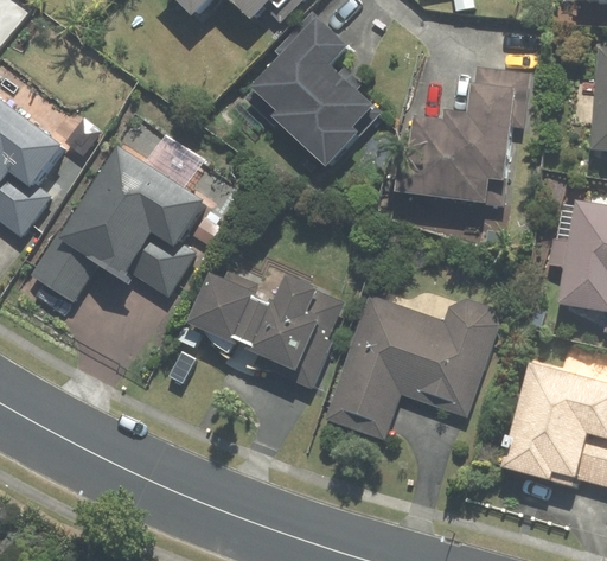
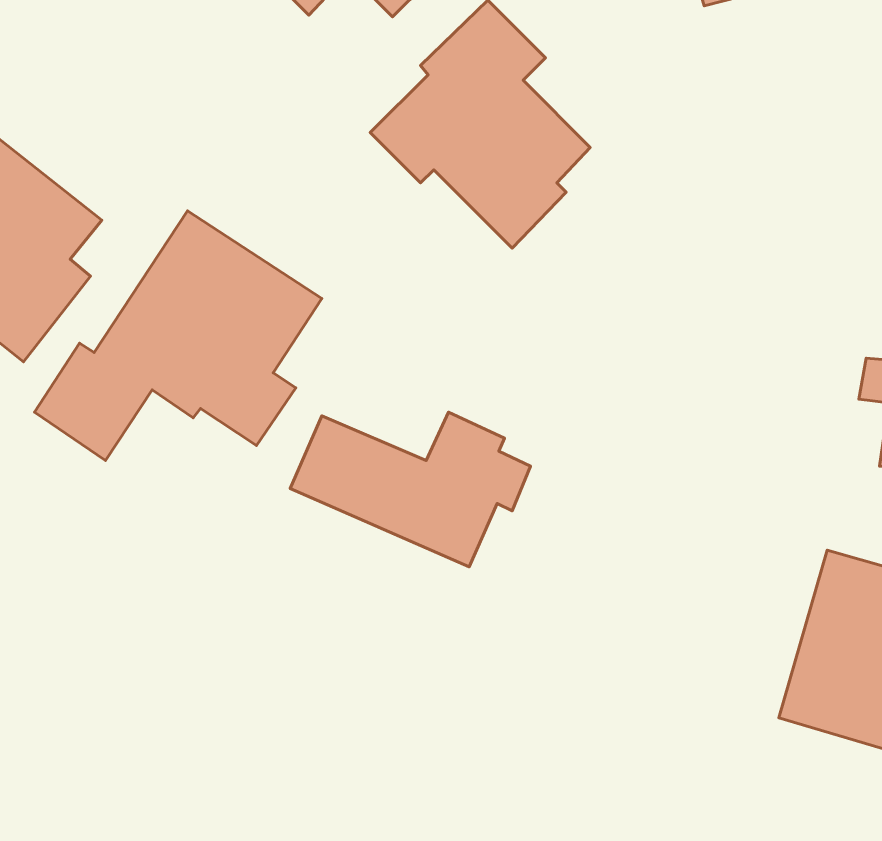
building: [385,68,529,203] -> none
building: [320,292,499,438] -> none

